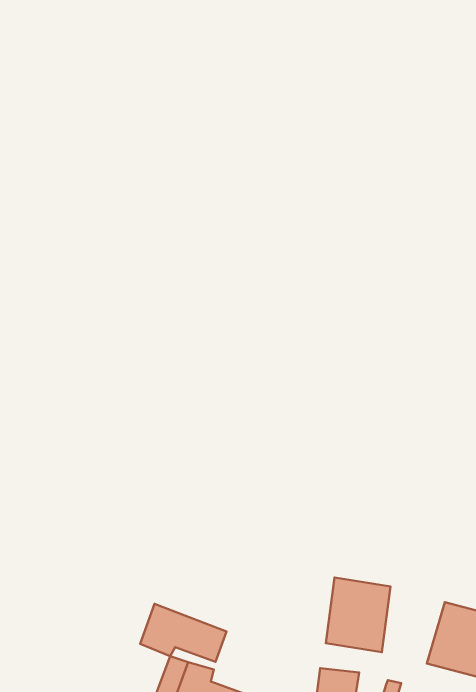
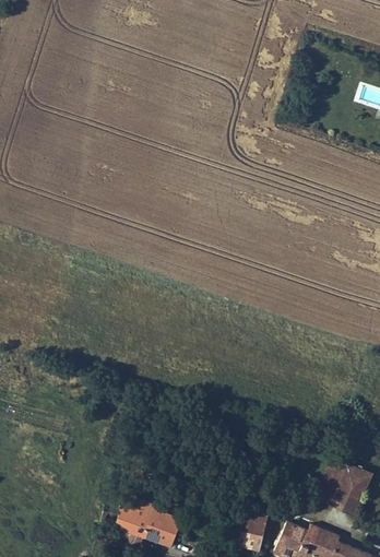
building: [326,577,390,652] -> none
building: [140,604,226,662] -> none

